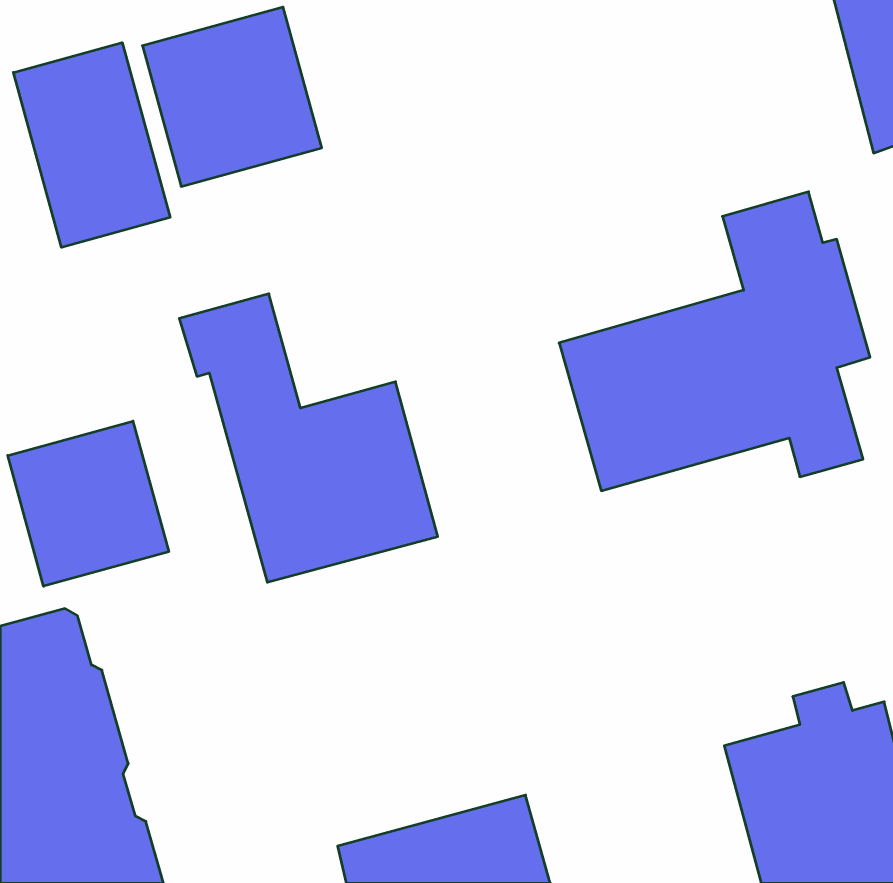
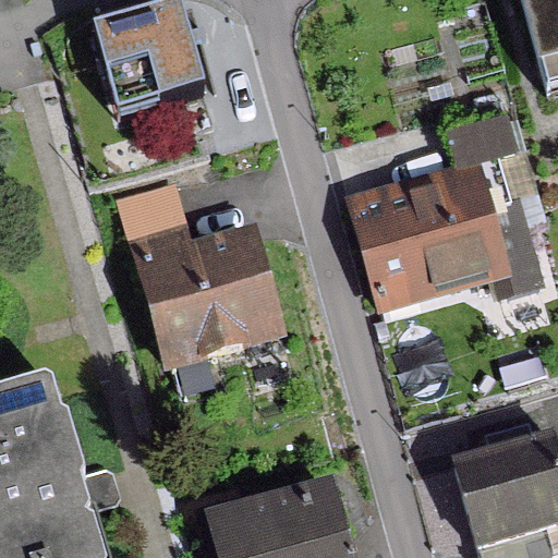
building: [13,43,170,247] -> none
building: [8,421,169,586] -> none

